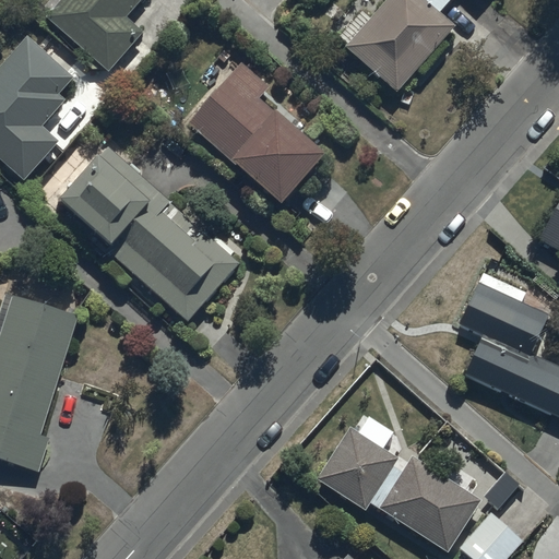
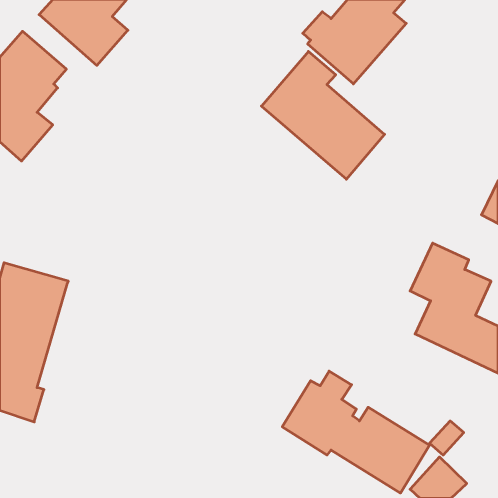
building: [187,63,324,206] -> [261,51,385,179]
building: [58,147,238,321] -> none

